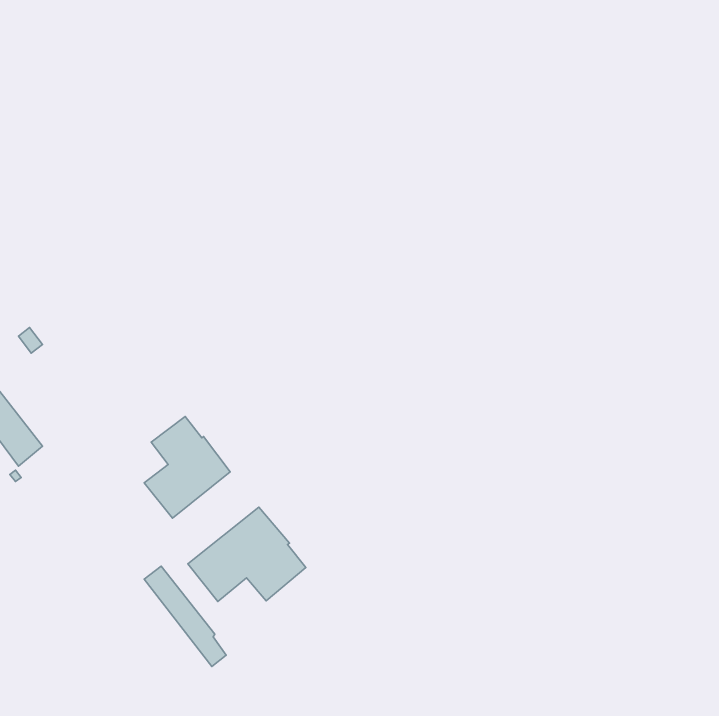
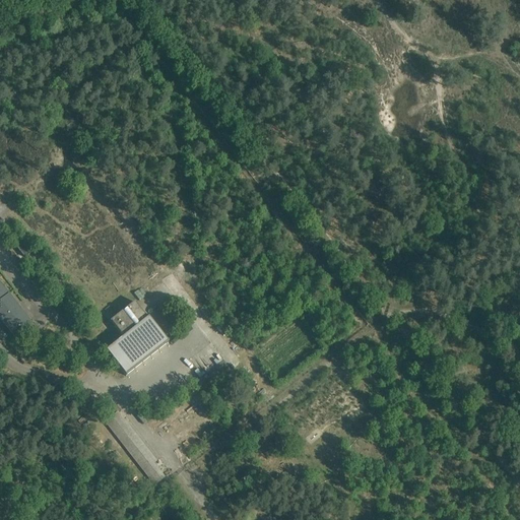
building: [188,507,306,602] -> none

